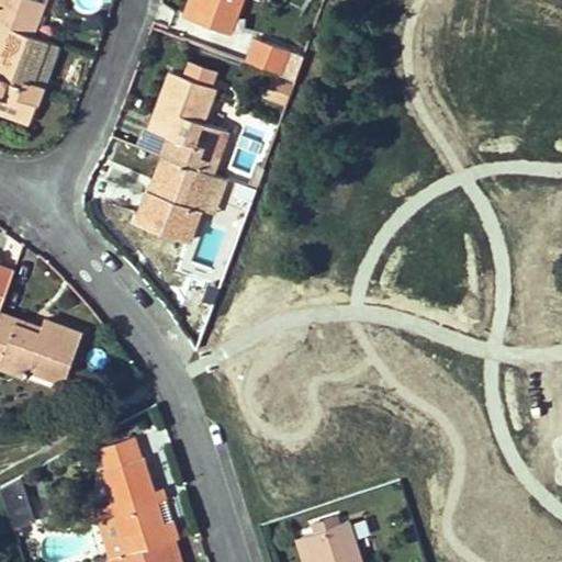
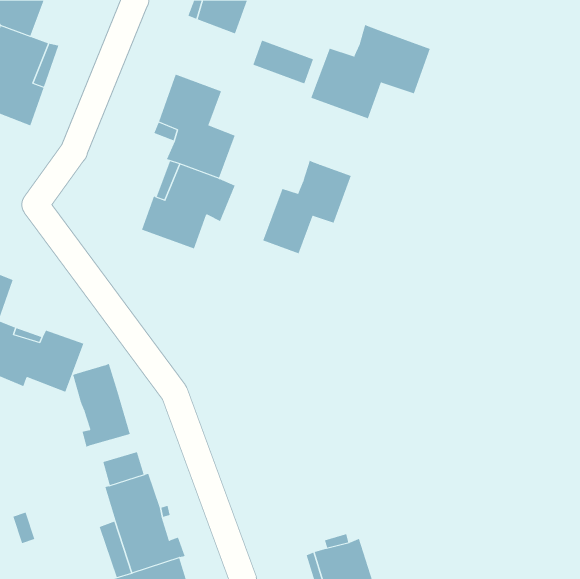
building: none -> [310,24,431,119]
building: none -> [262,160,351,254]
building: none -> [73,363,131,448]

